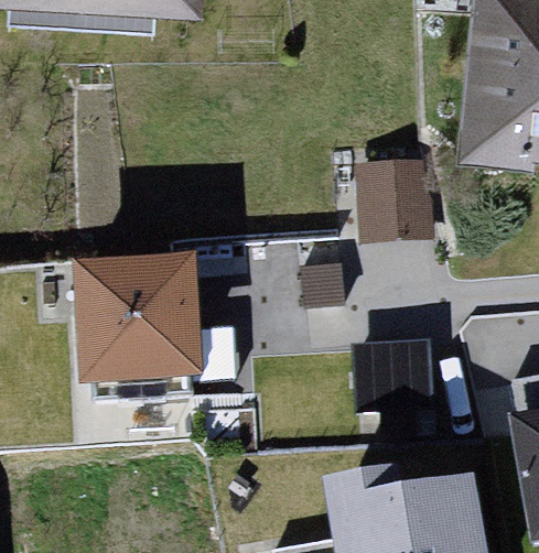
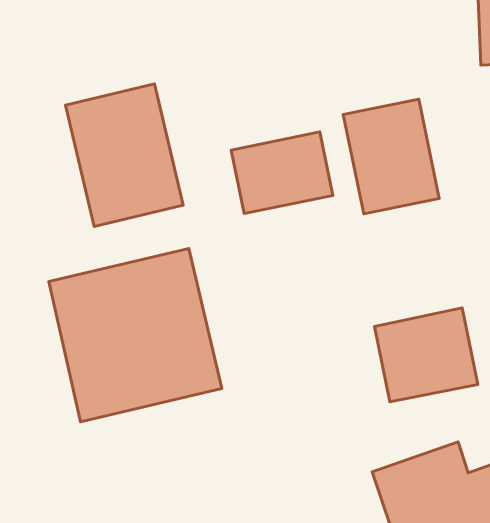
building: none -> [66,84,183,226]
building: none -> [231,132,333,214]

